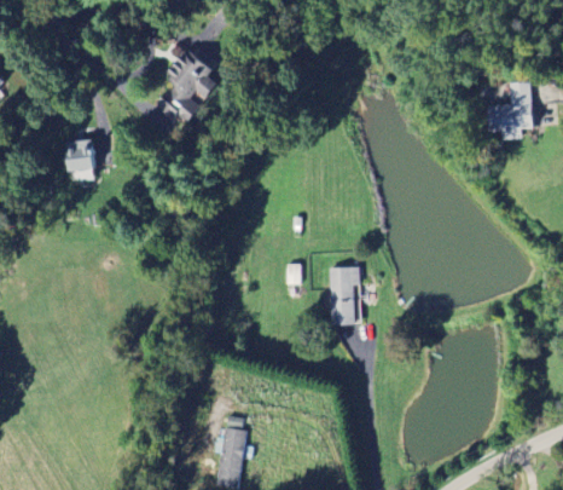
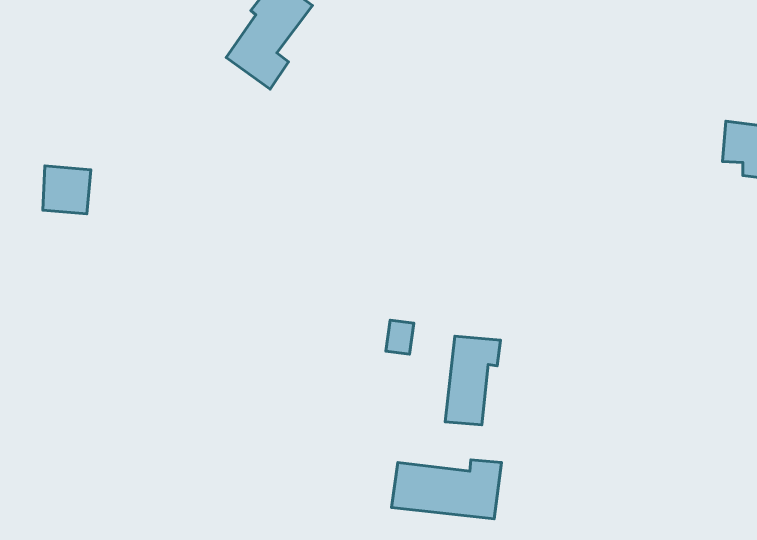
building: [64,140,95,171] -> [43,166,91,214]
building: none -> [392,460,501,519]

